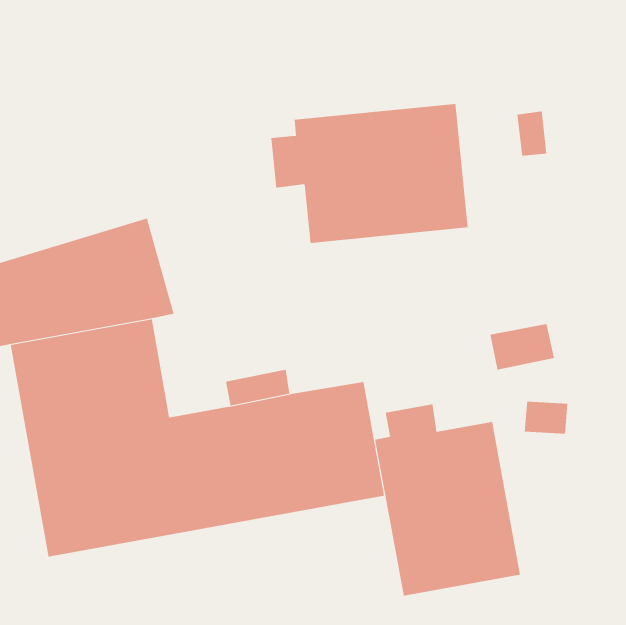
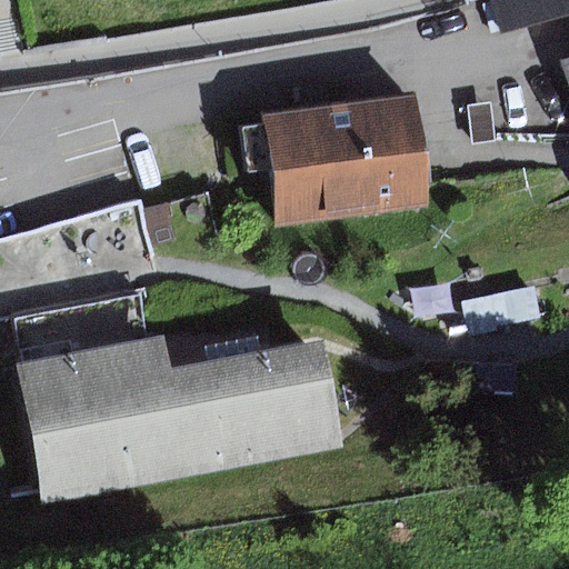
building: [375,404,520,597] -> none

